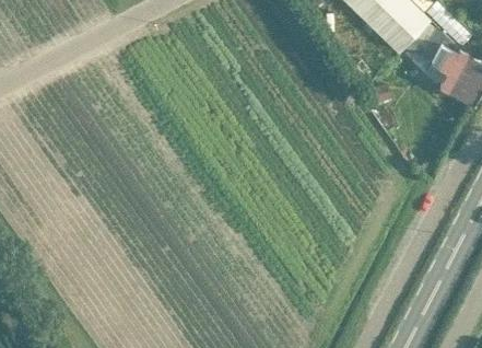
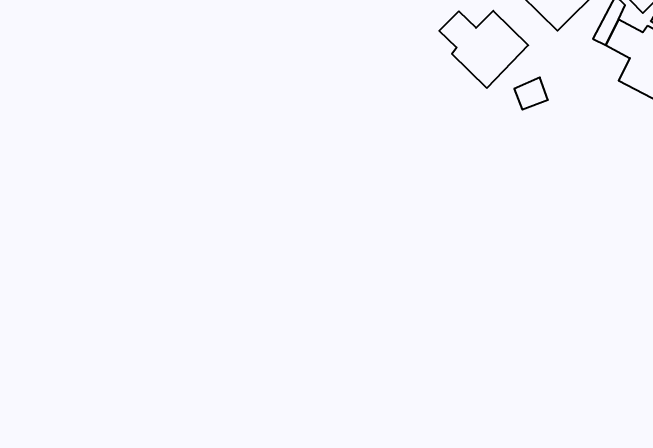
building: none -> [439,11,528,88]

